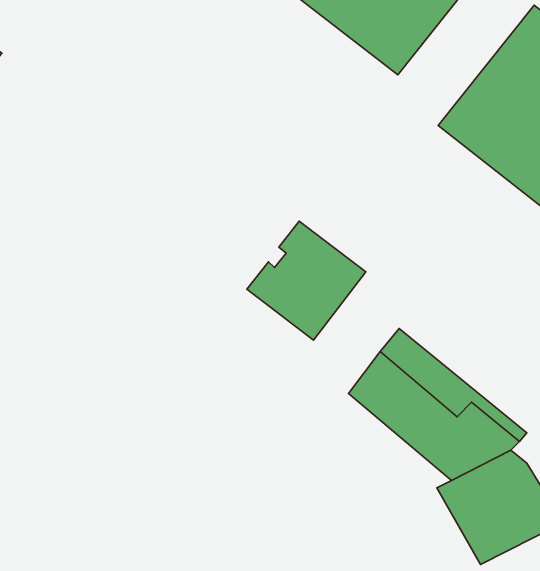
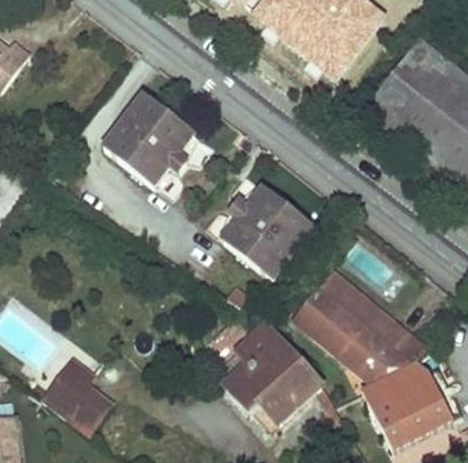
building: none -> [100,97,191,188]
building: none -> [223,324,322,422]
building: none -> [44,358,113,435]

